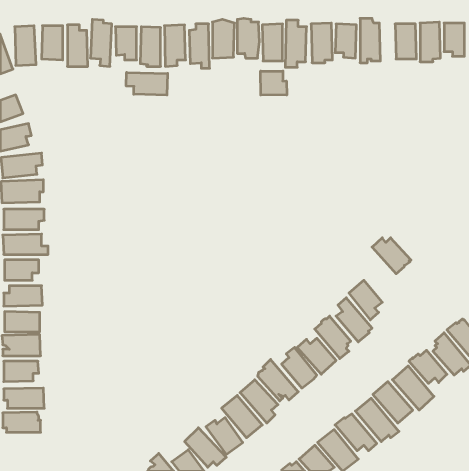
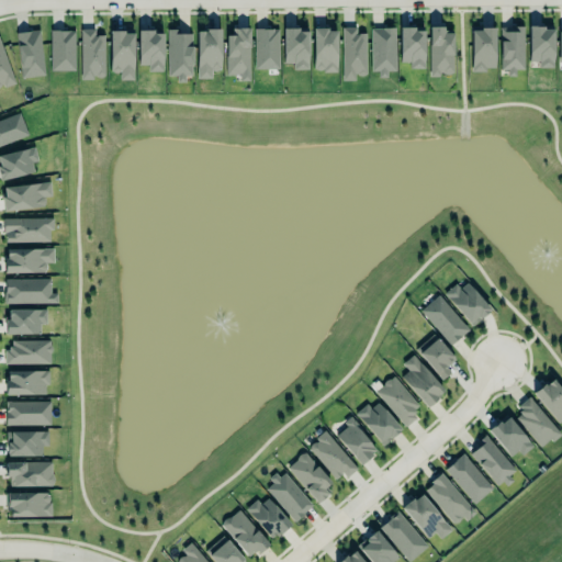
building: [261,71,287,95] -> none
building: [126,72,168,95] -> none
building: none -> [420,292,472,345]

